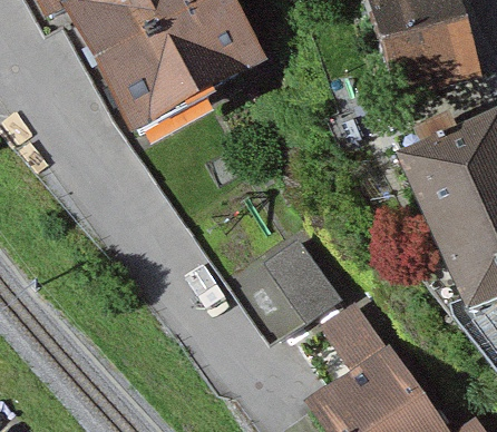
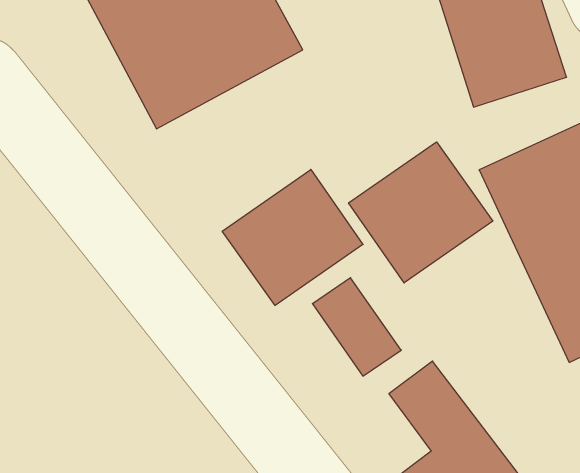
building: none -> [349,142,493,283]
building: none -> [222,169,363,305]

